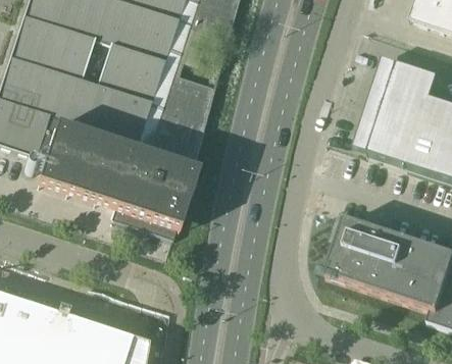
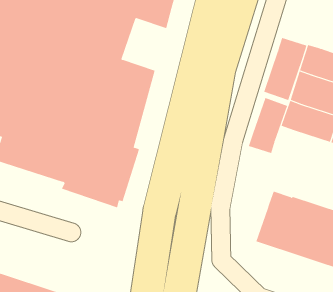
building: none -> [263,37,307,101]
building: none -> [248,97,288,154]

